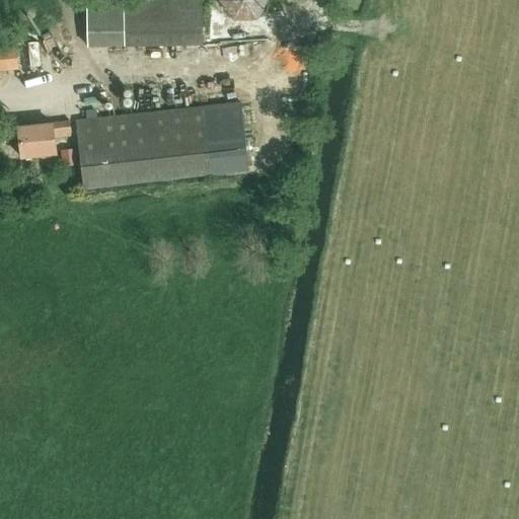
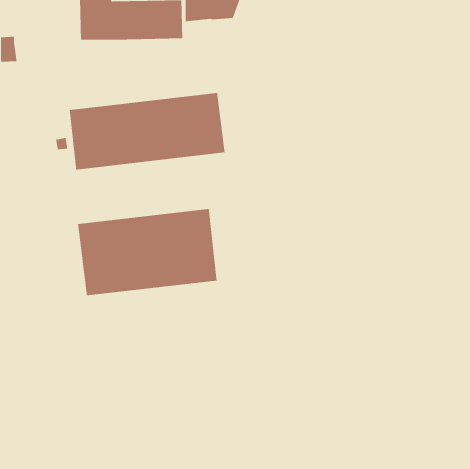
building: [17,122,70,157] -> none
building: none -> [77,208,218,296]

